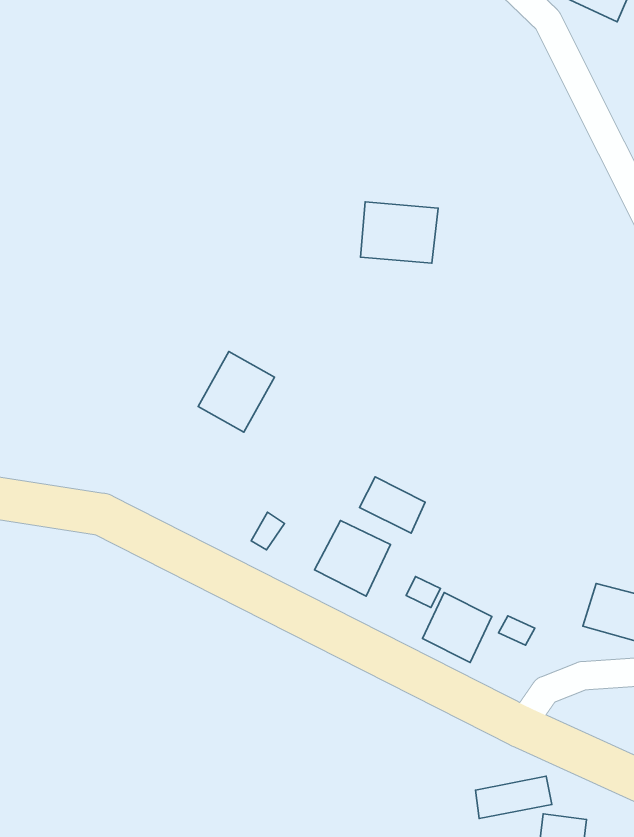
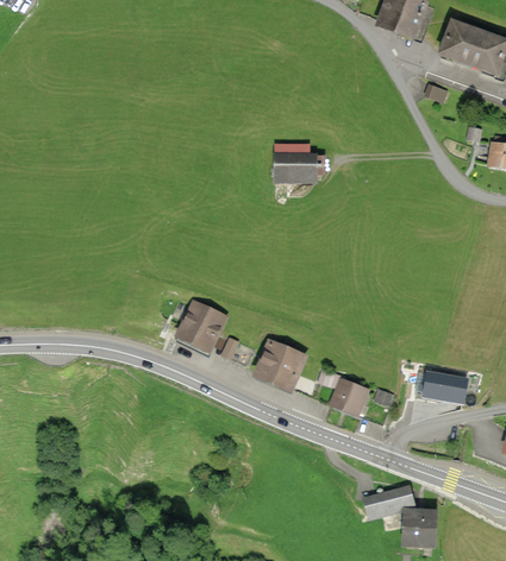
building: [198,351,274,432] -> [181,301,225,348]
building: [360,477,425,533] -> none

